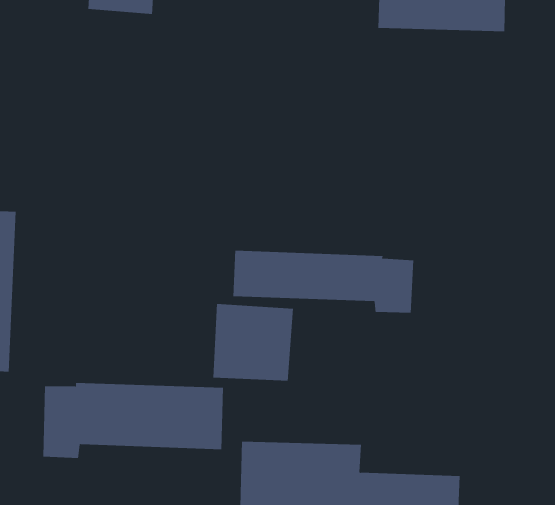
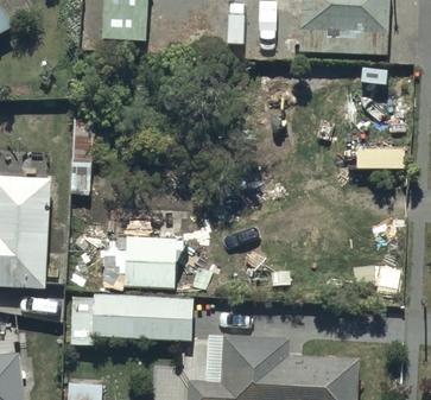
building: [233,250,414,313] -> none
building: [213,303,294,381] -> [120,236,176,290]

